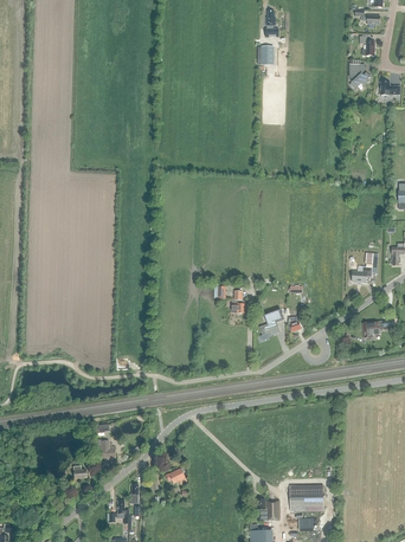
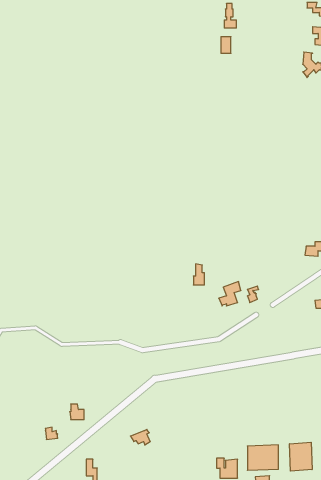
building: none -> [290,442,312,471]

